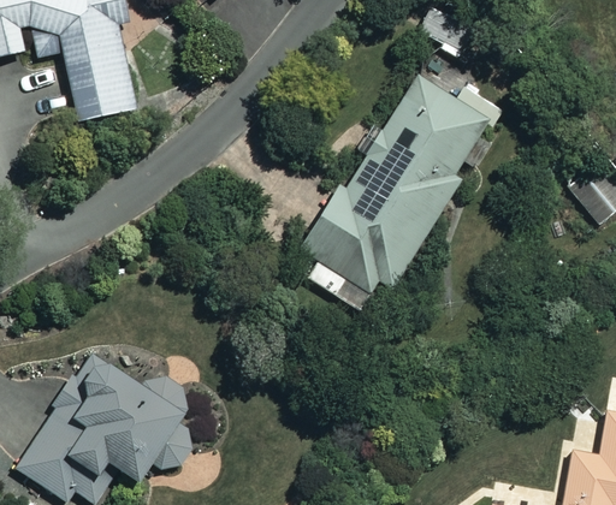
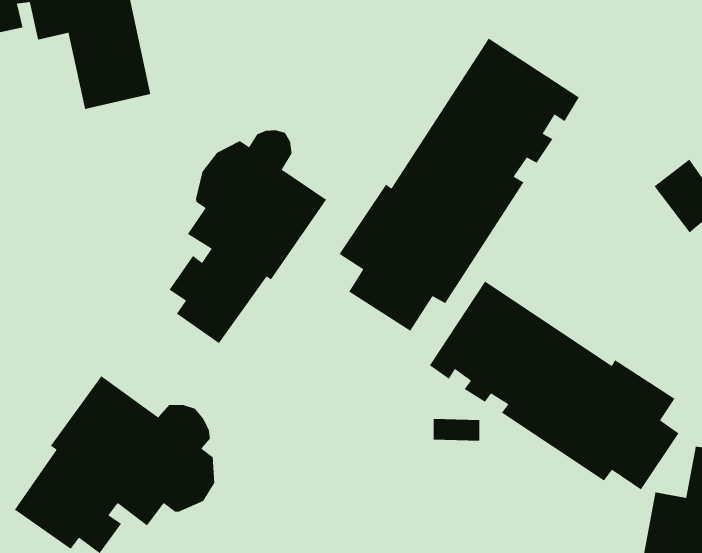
building: none -> [168,130,327,344]
building: none -> [429,281,680,491]

